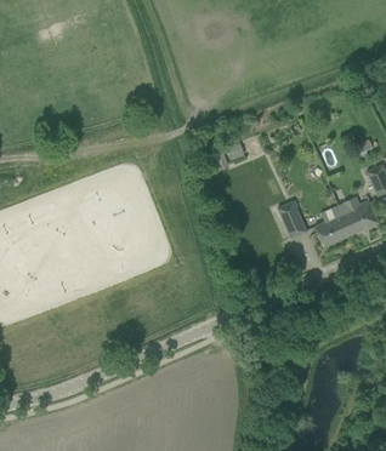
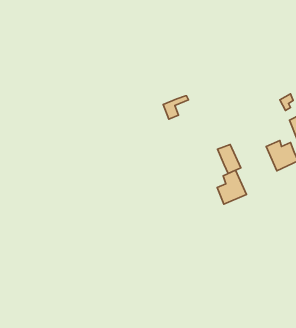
building: [314,205,351,247] -> [217,170,246,204]

